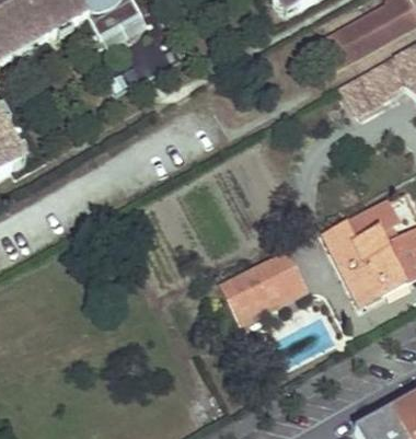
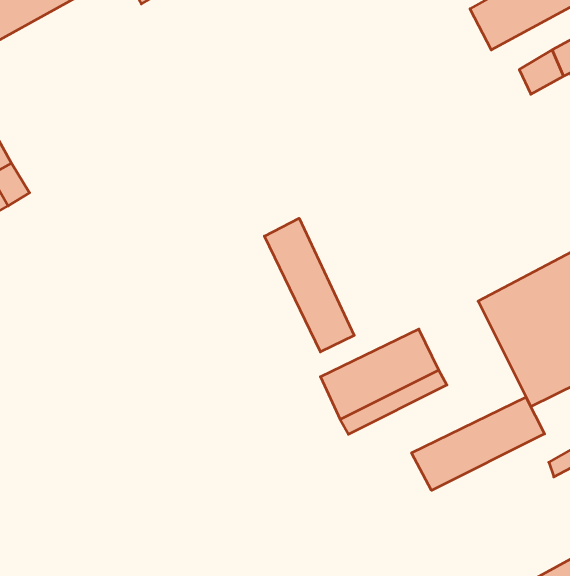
building: none -> [264,218,354,352]
building: none -> [412,397,545,490]

